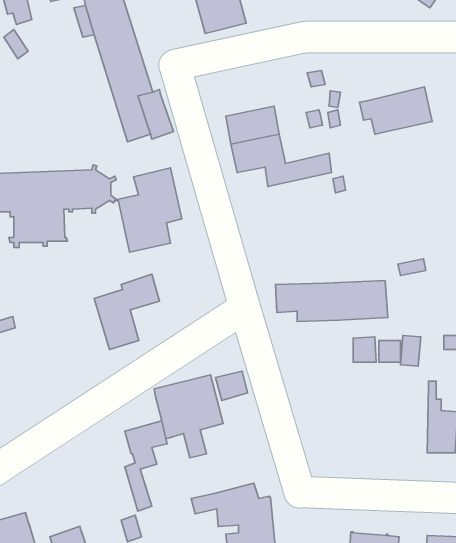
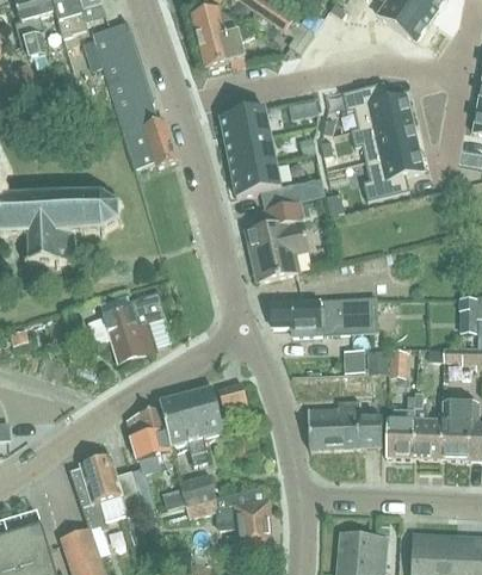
building: none -> [342,82,412,129]
building: none -> [220,107,271,143]
building: none -> [363,148,424,200]
building: [116,168,182,252] -> [246,202,308,280]
building: none -> [387,395,415,458]
building: none -> [307,400,381,450]
building: none -> [126,406,166,438]
building: none -> [69,453,143,530]
building: none -> [179,474,215,503]

